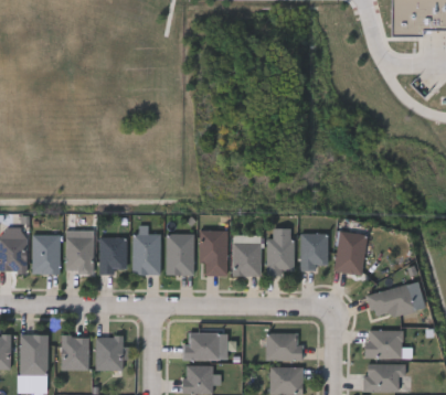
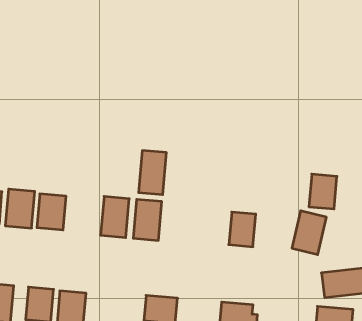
building: [201,231,226,275] -> [139,151,166,195]
building: [300,234,327,268] -> [309,174,337,209]
building: [99,237,126,274] -> none
building: [233,243,259,275] -> none

